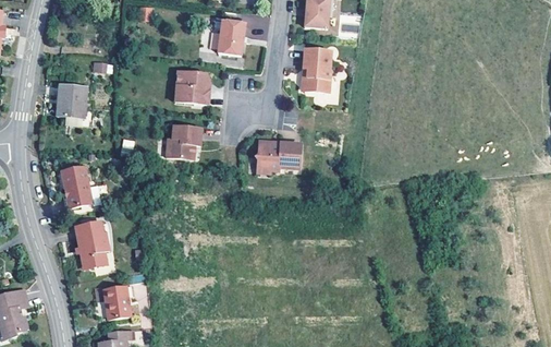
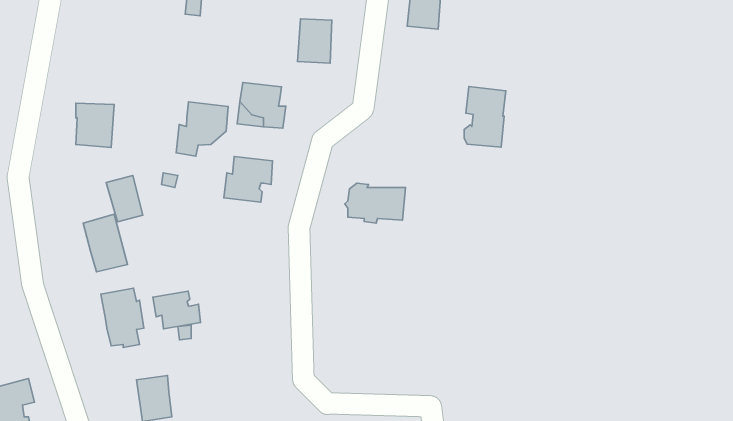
building: [298,48,329,93] -> [464,86,506,147]
building: none -> [176,102,228,156]
building: none -> [106,176,143,222]
building: none -> [153,291,200,329]

